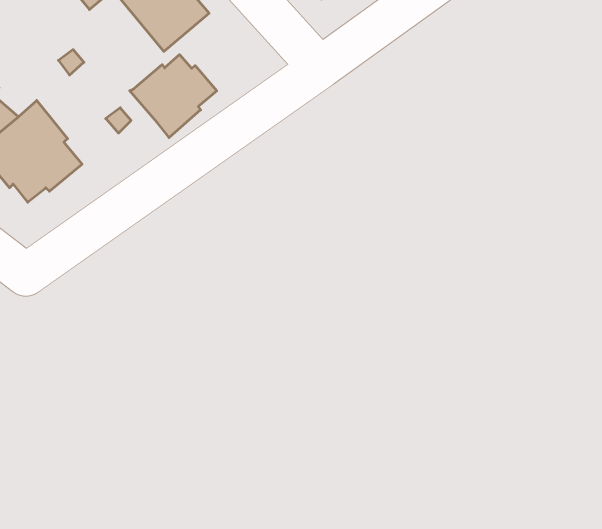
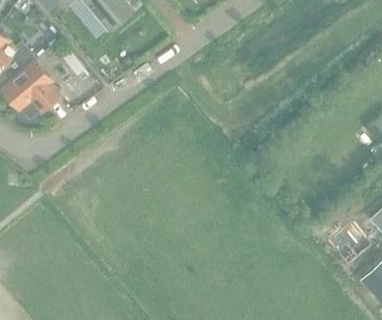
building: [130,55,217,138] -> none

